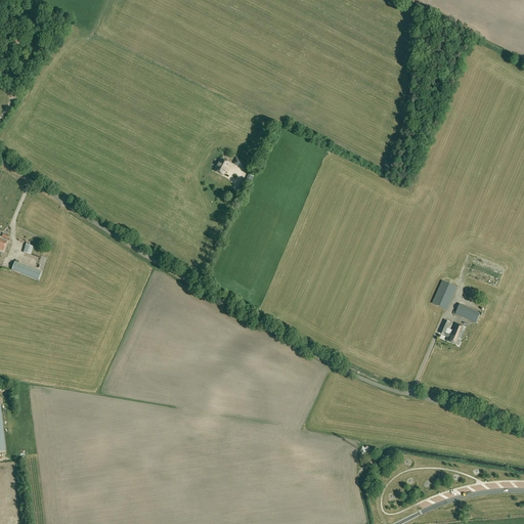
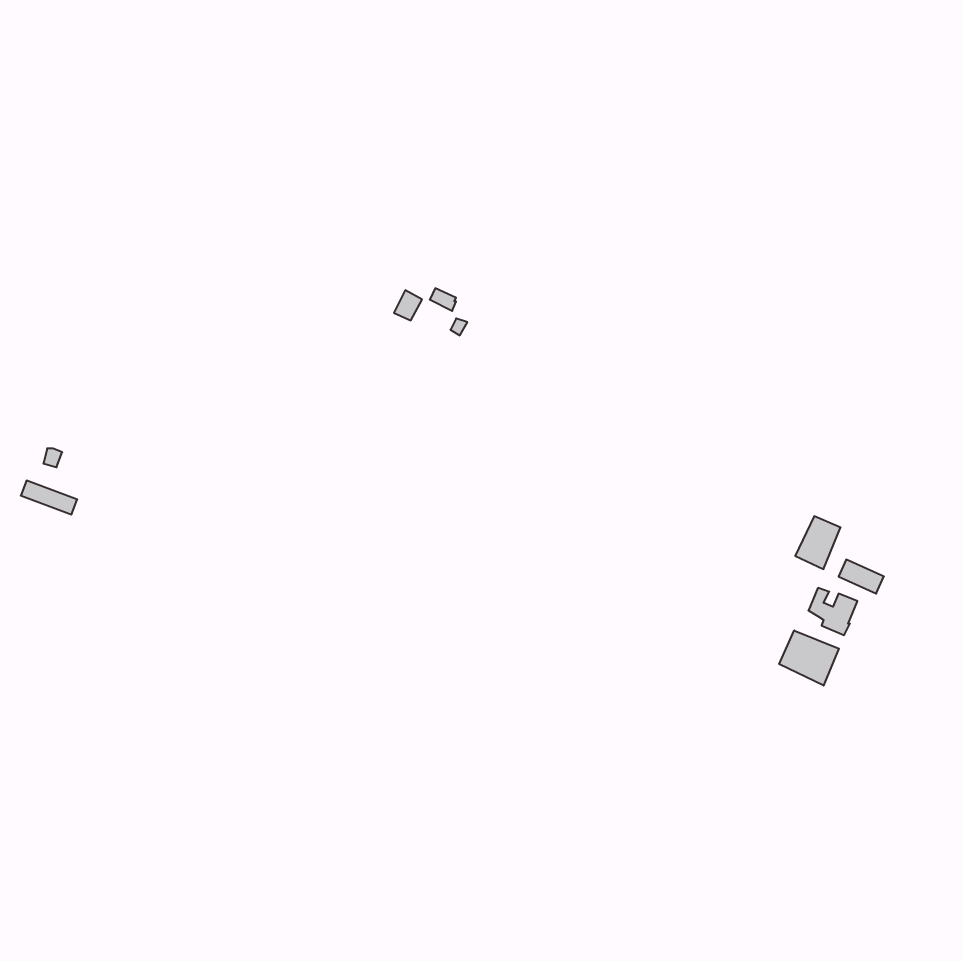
building: none -> [779,630,839,686]

